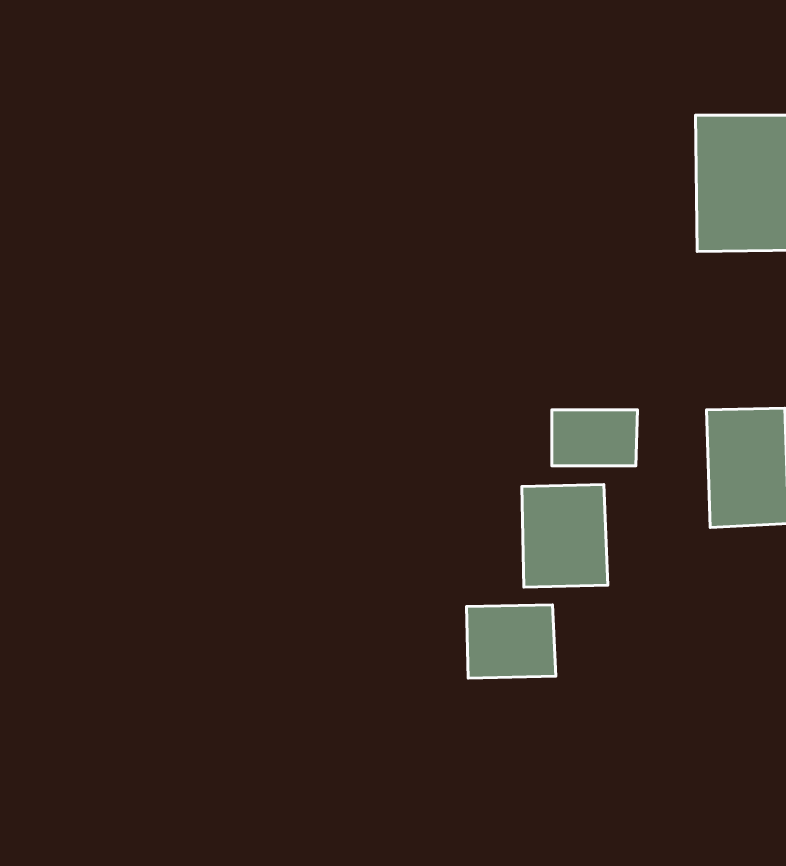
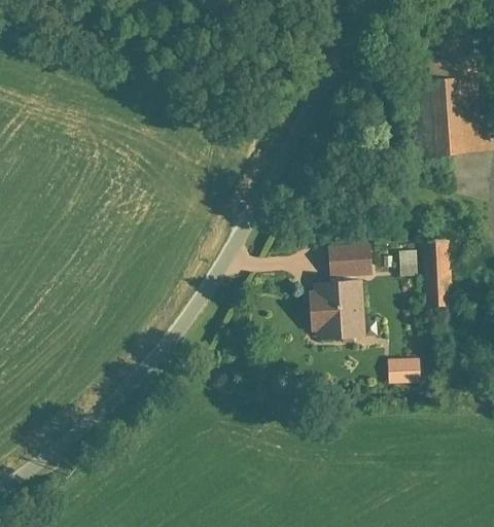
building: [467,605,556,678] -> none
building: none -> [387,357,418,382]

